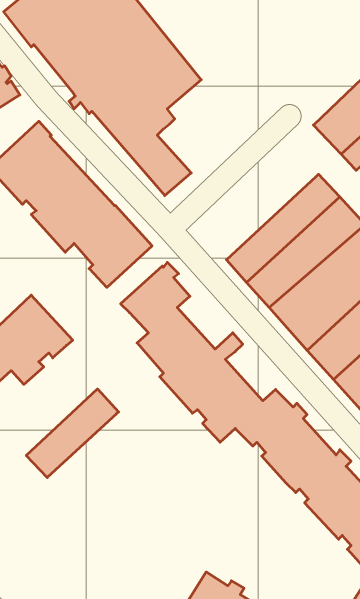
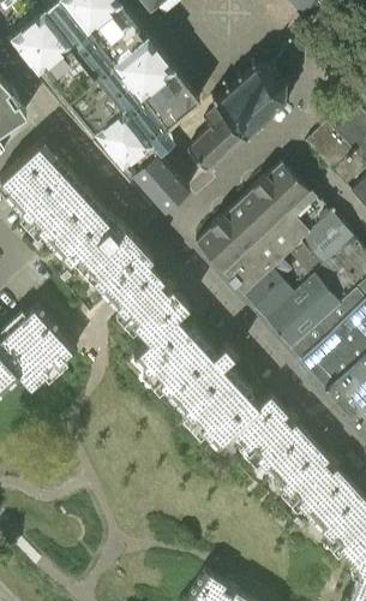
building: none -> [186,63,289,172]
building: none -> [194,163,307,273]
building: [26,389,119,478] -> none

